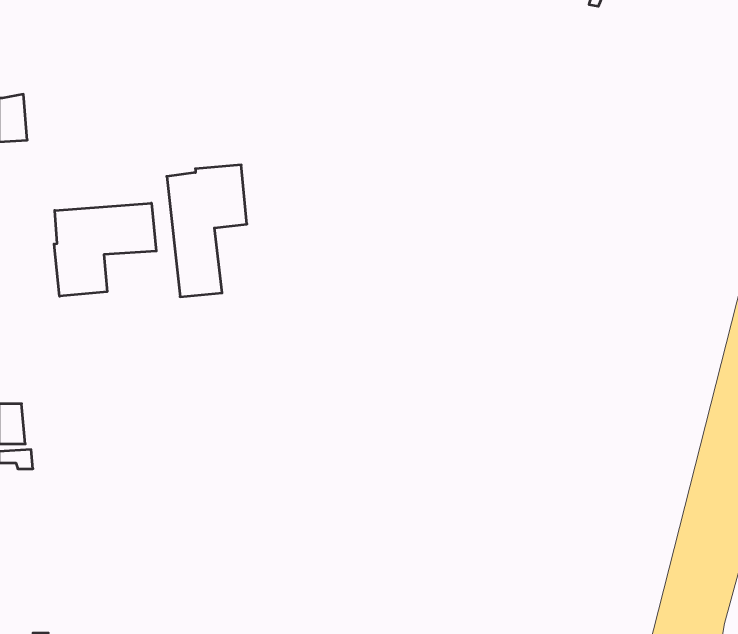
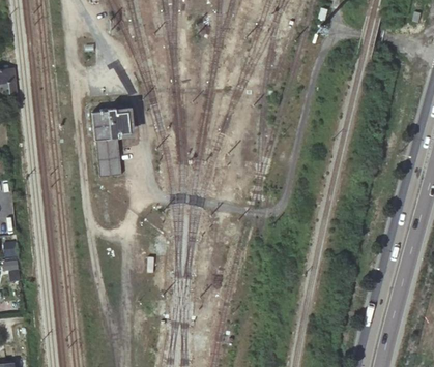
building: [54,203,156,296] -> none

